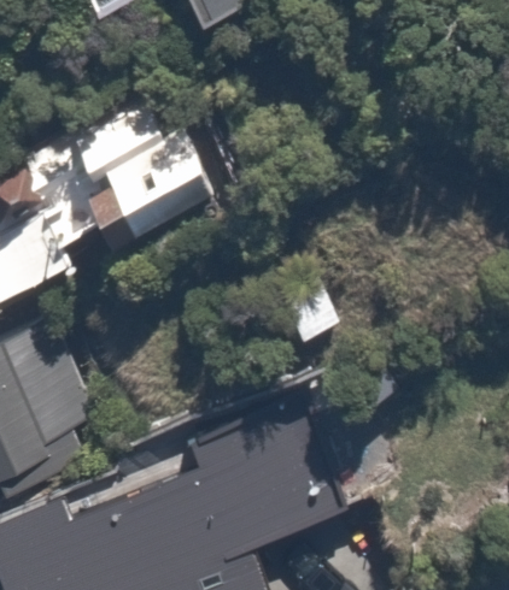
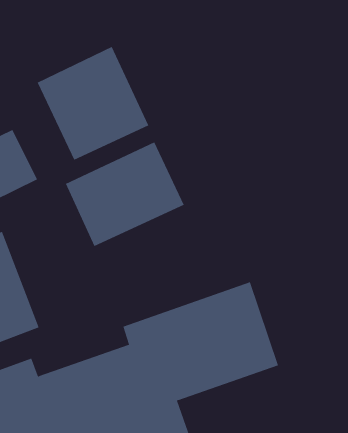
building: none -> [65,141,184,247]

